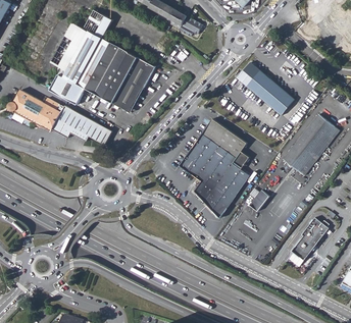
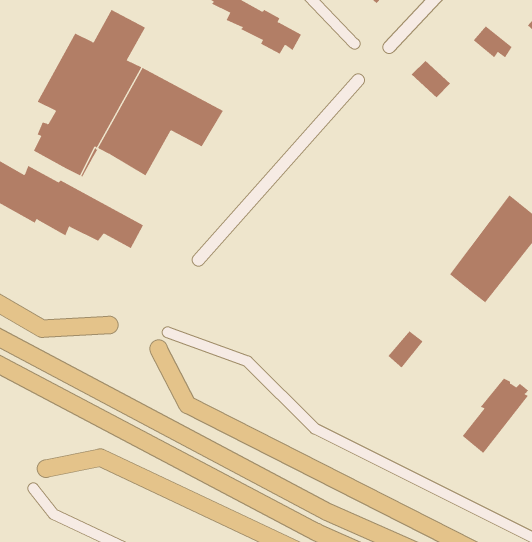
building: [237,63,294,115] -> none
building: [113,78,145,112] -> none
building: [179,119,250,216] -> none

